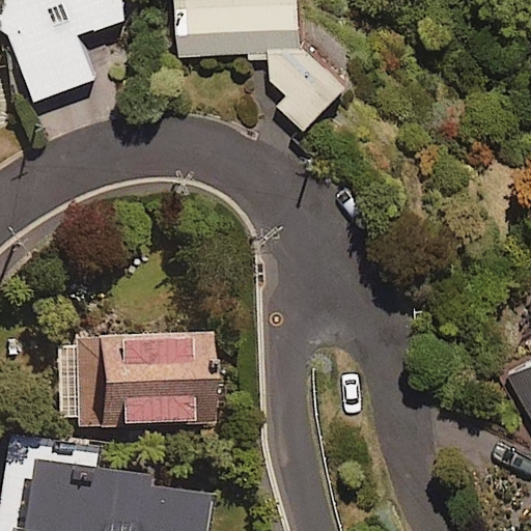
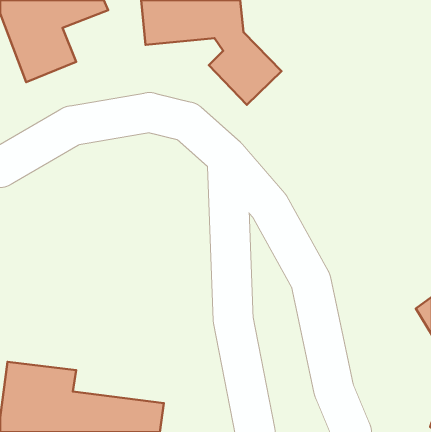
building: [77,338,208,427] -> none

